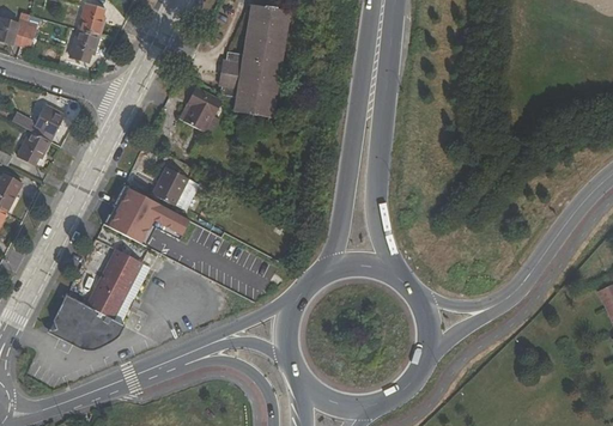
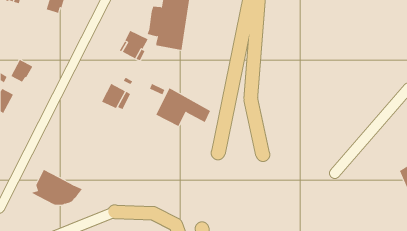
building: [12,105,65,141] -> none
building: [103,183,186,242] -> [156,88,211,127]
building: [89,250,140,318] -> none

